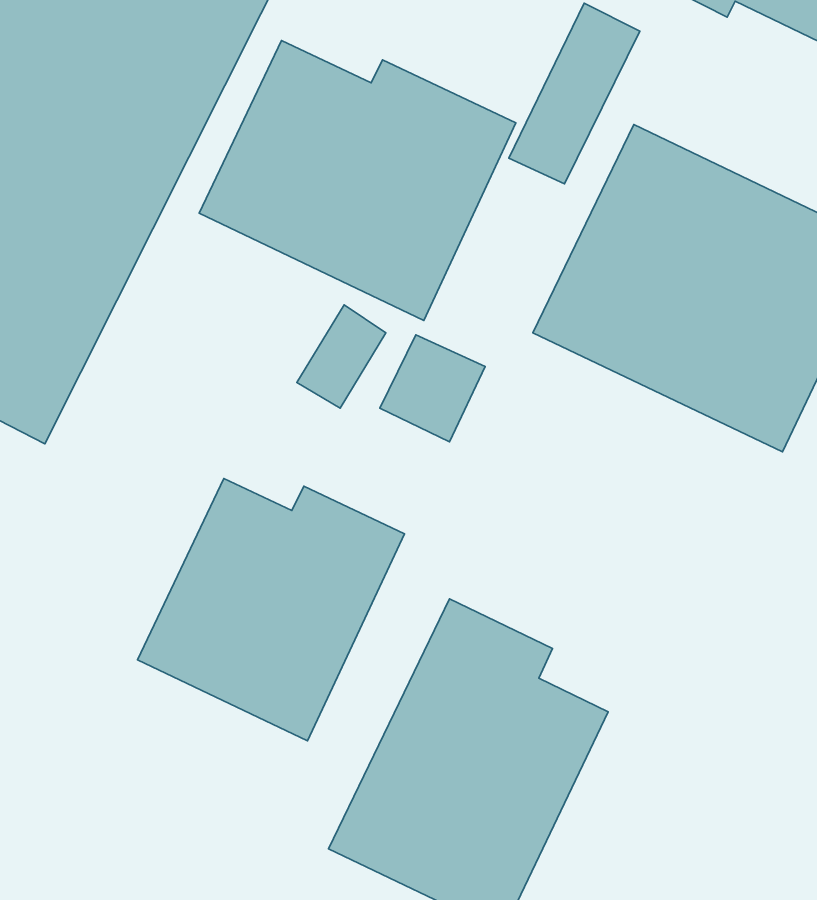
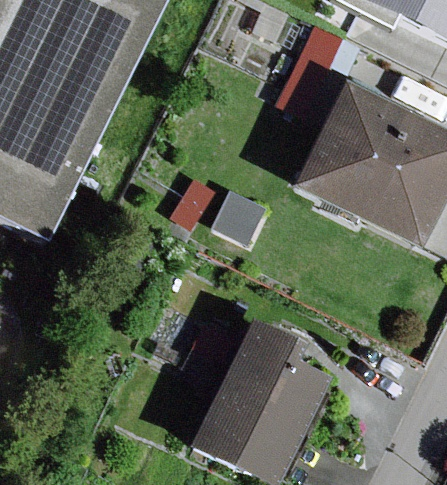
building: [199,40,516,320] -> none
building: [137,478,404,741] -> none

